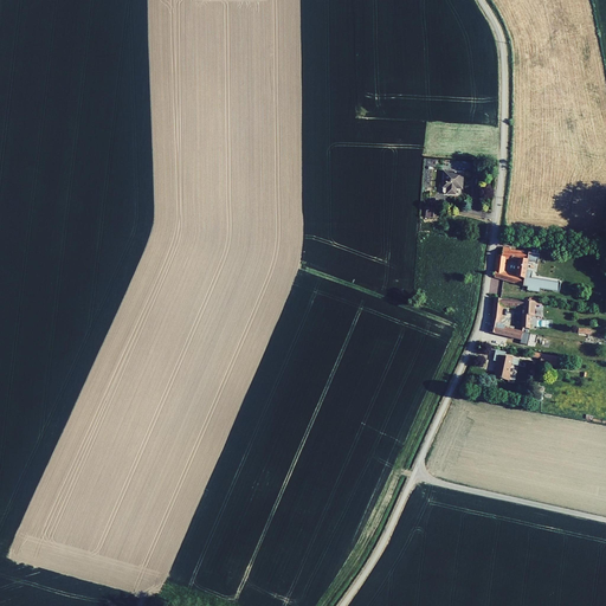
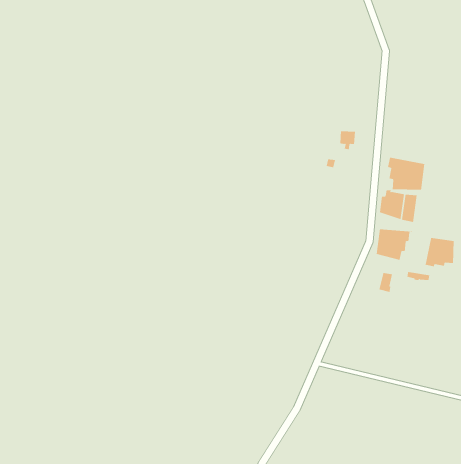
building: none -> [386,156,425,191]
building: none -> [424,237,454,268]

